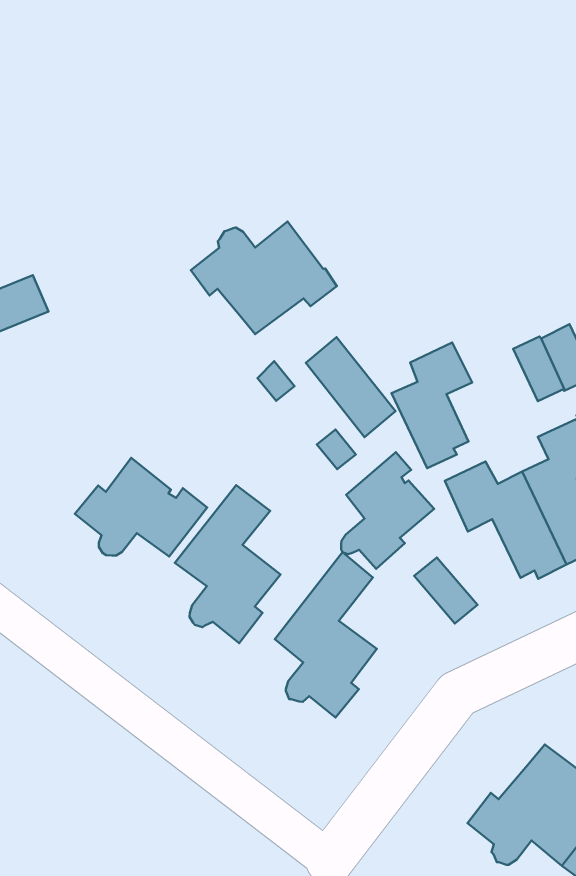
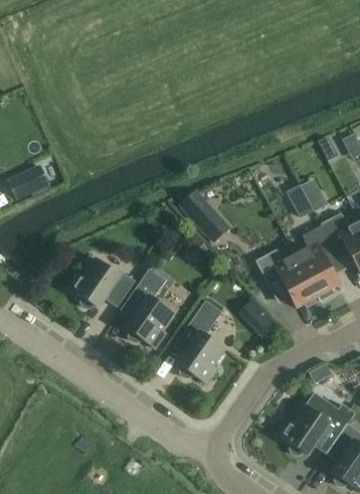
building: [191,221,337,334] -> none
building: [392,343,472,468] -> none
building: [341,452,434,569] -> none

